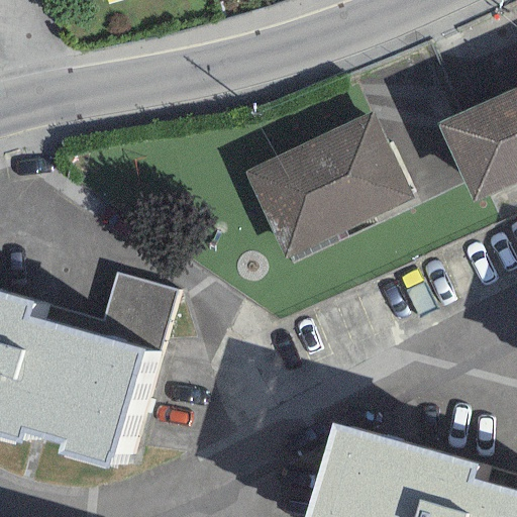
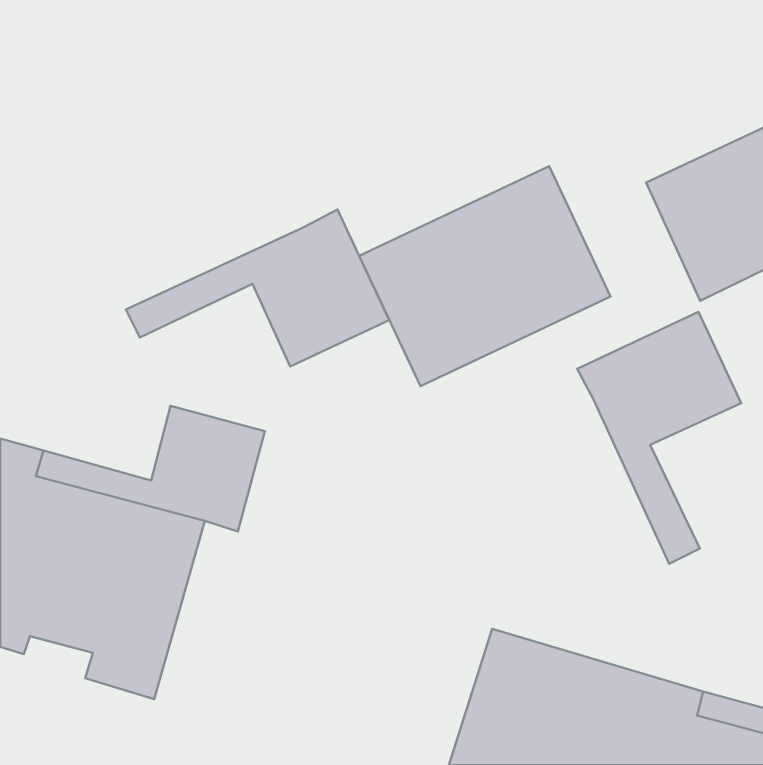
building: none -> [126,209,389,366]
building: none -> [577,312,741,564]

